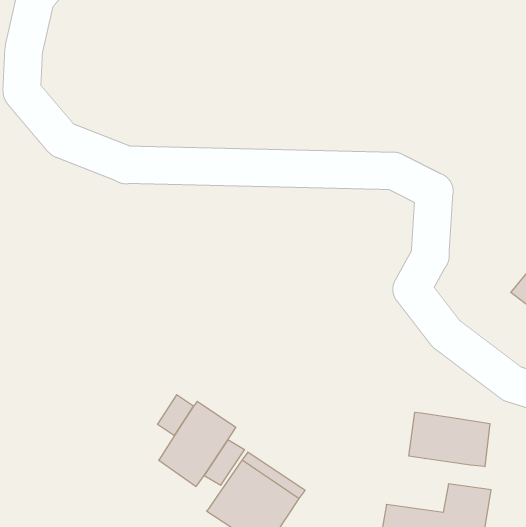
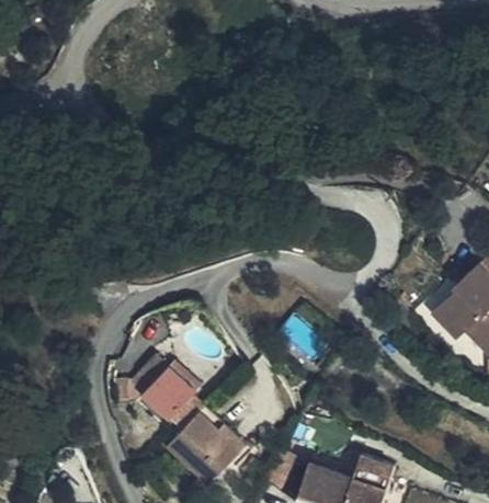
building: [409,412,490,467] -> none

